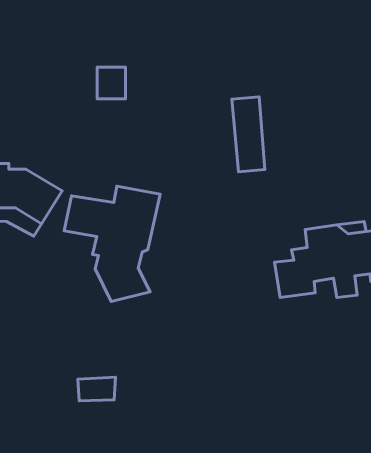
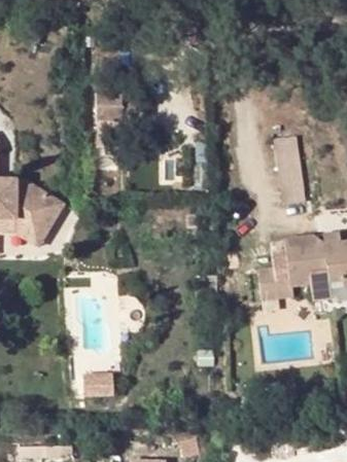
building: [232,97,265,172] -> [278,134,308,202]
building: [64,186,160,302] -> none

